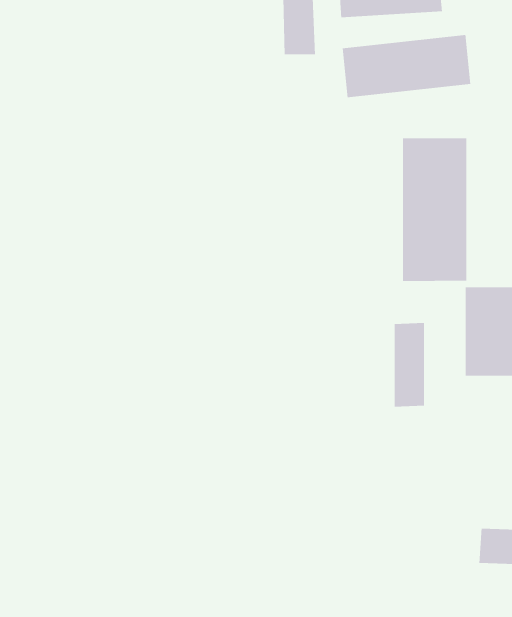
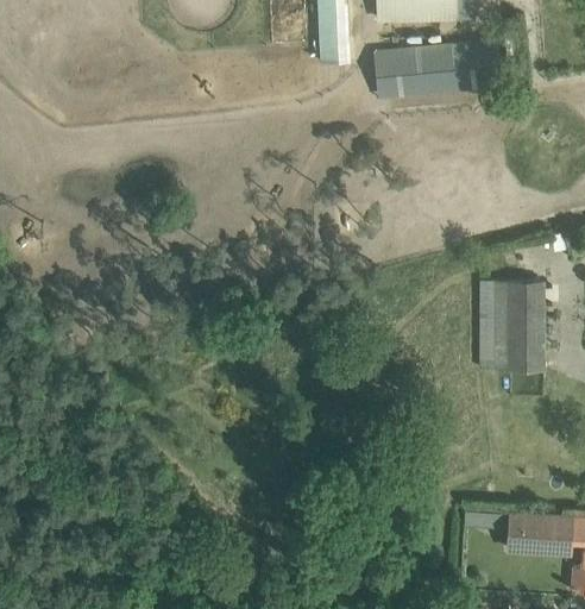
building: [402,137,467,282] -> none
building: [394,322,425,408] -> none

